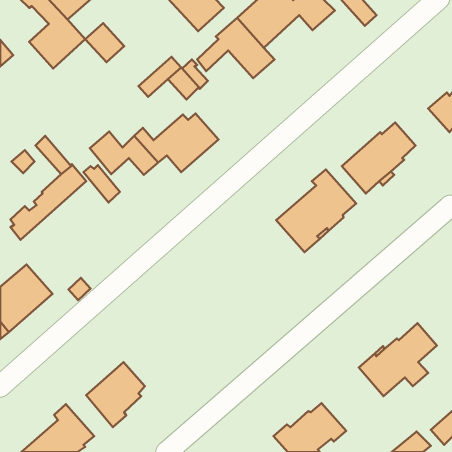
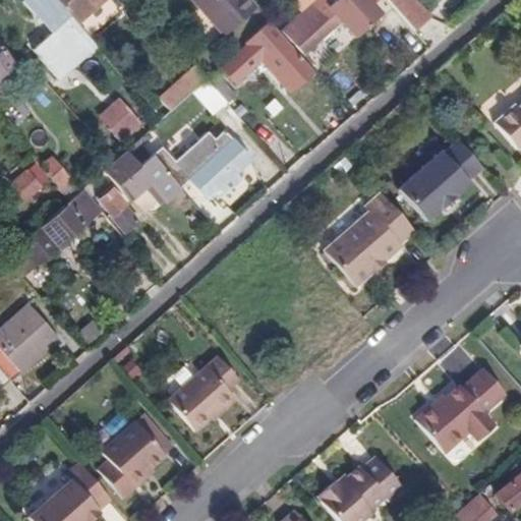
building: [85,23,124,62] -> [97,97,141,141]
building: none -> [167,358,236,432]

